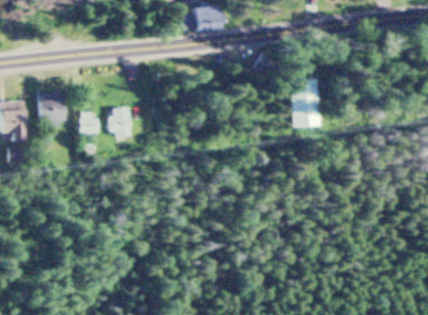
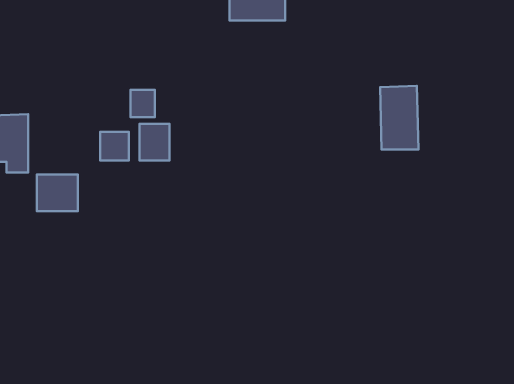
building: none -> [130,90,155,117]
building: [36,97,67,125] -> [37,174,78,211]

